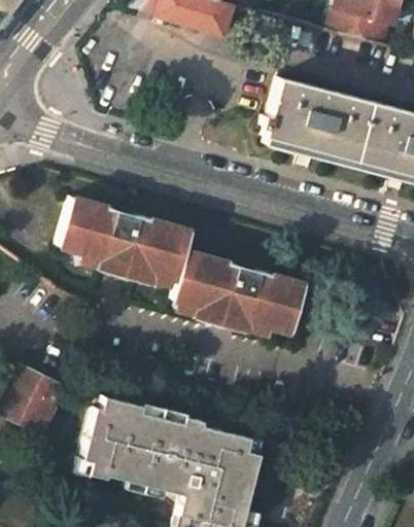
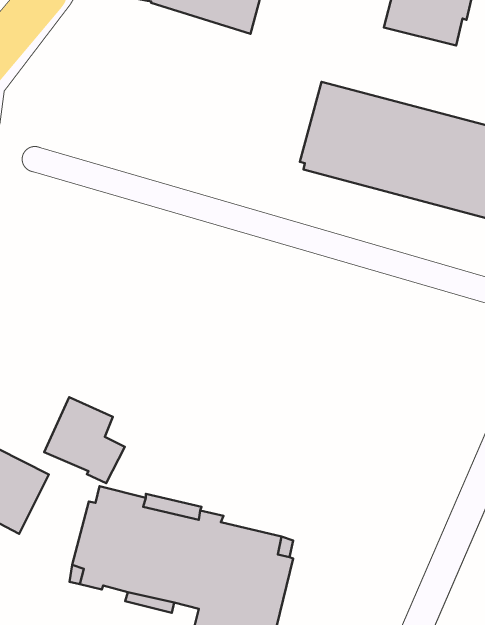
building: [55,198,303,332] -> none
building: none -> [44,397,125,483]

